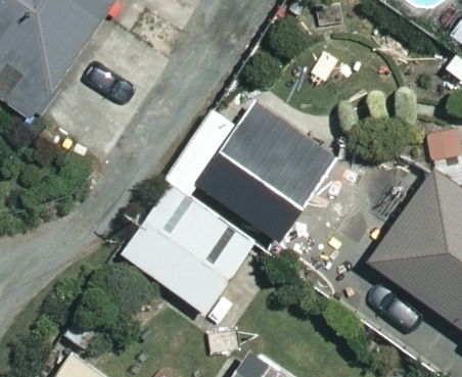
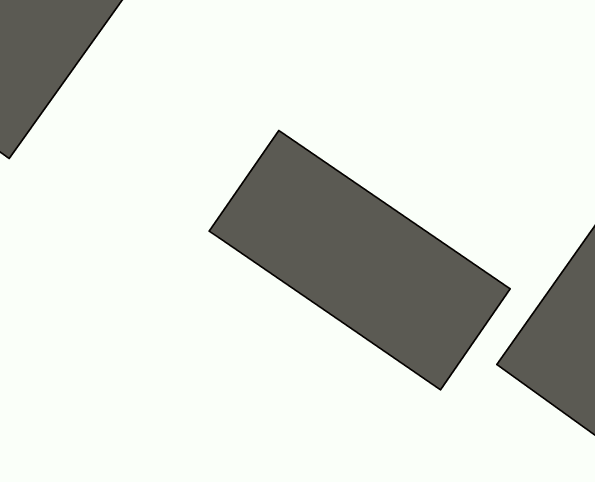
building: [122,172,264,314] -> none

